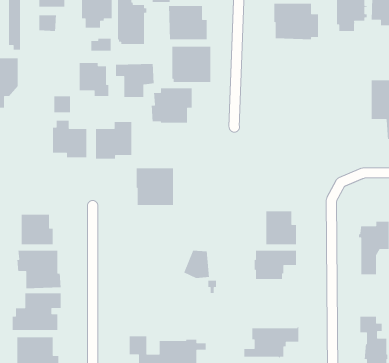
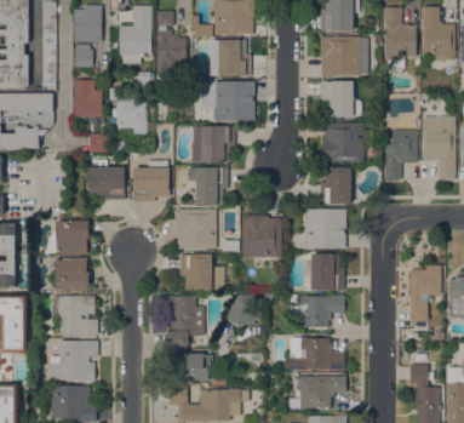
building: none -> [73,79,102,116]
building: none -> [321,80,361,116]
building: [115,63,155,98] -> [188,166,229,202]
building: none -> [322,121,363,161]
building: none -> [385,130,417,181]
building: none -> [320,167,351,204]
building: none -> [304,208,346,248]
building: none -> [242,215,281,257]
building: none -> [50,219,90,252]
building: none -> [179,253,224,290]
building: none -> [165,295,205,347]
building: none -> [283,336,345,368]
building: none -> [168,353,213,381]

